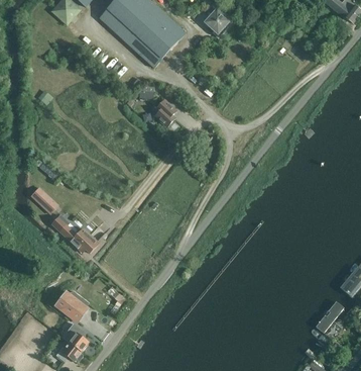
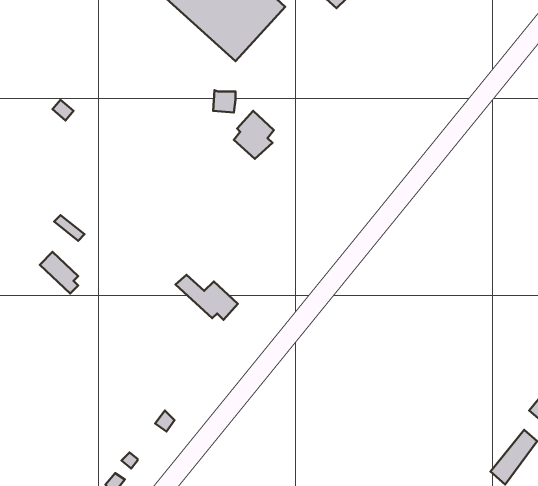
building: [58,224,98,253] -> [175,275,238,320]
building: [54,291,87,322] -> none

